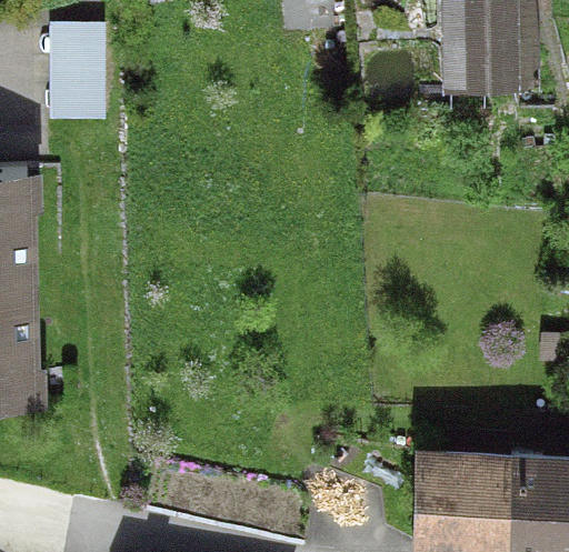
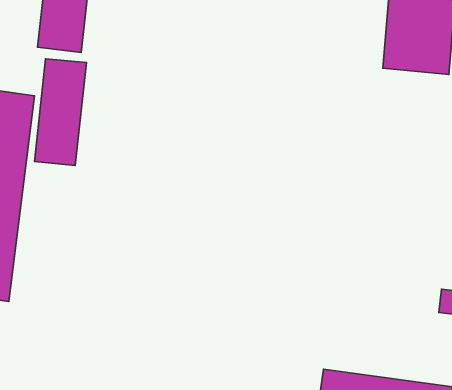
building: none -> [34,59,86,165]

